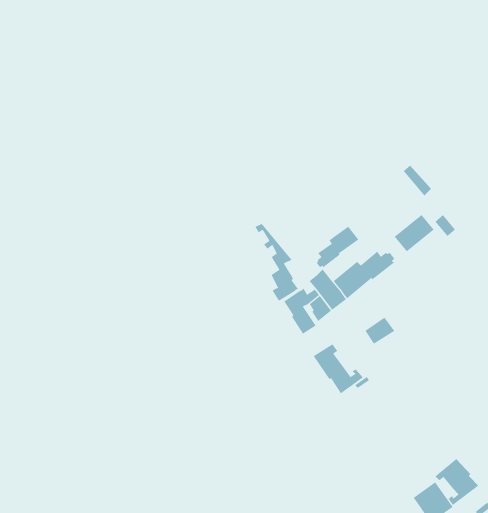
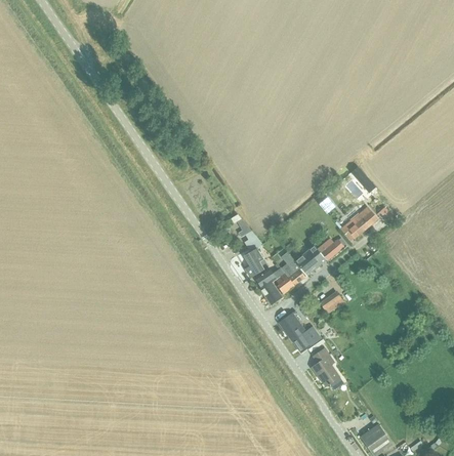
building: [316,226,359,269] -> none
building: none -> [309,346,343,388]
building: [435,458,479,506] -> none

